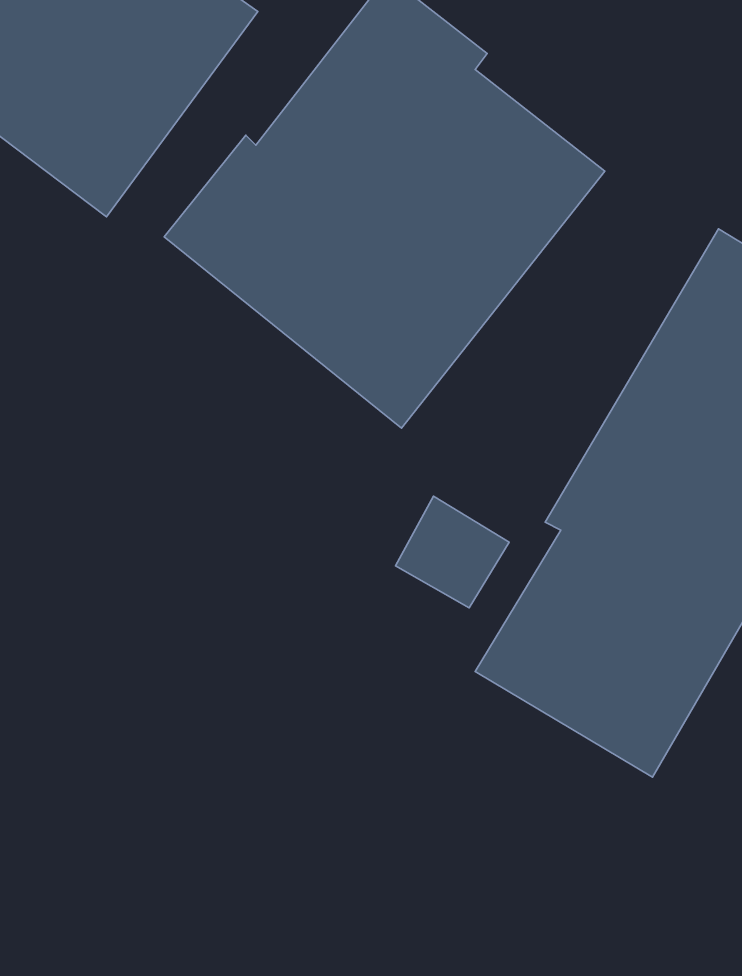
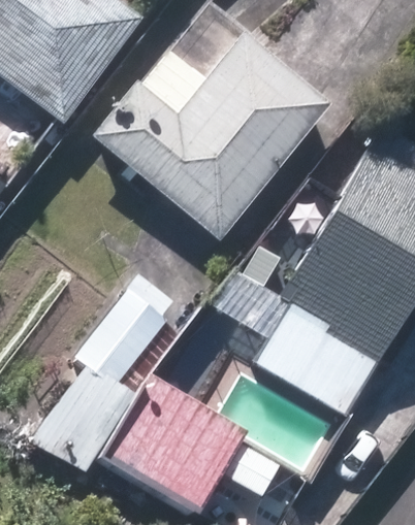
building: none -> [27,275,179,468]
building: none -> [111,381,280,513]

